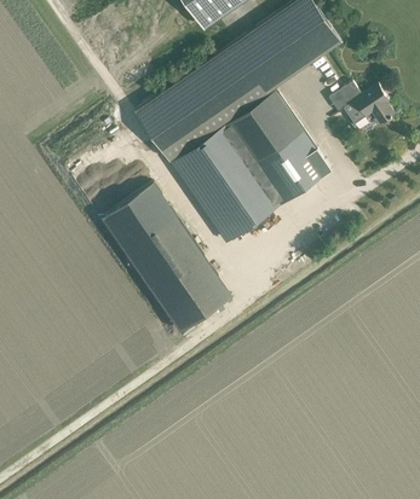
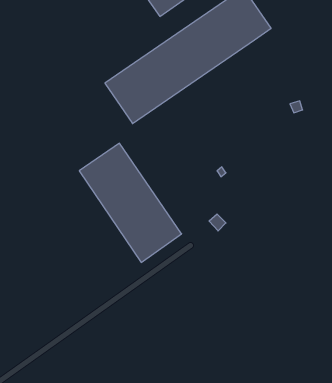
building: [328,83,393,126] -> none
building: [172,93,328,242] -> none

